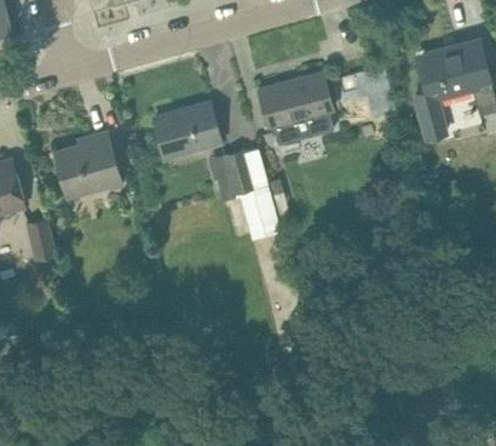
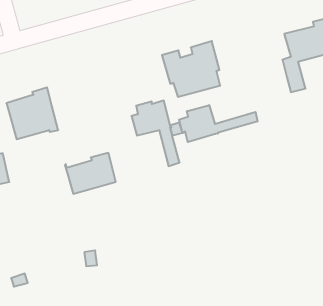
building: [152,103,219,156] -> [65,153,116,194]
building: none -> [179,105,257,142]

